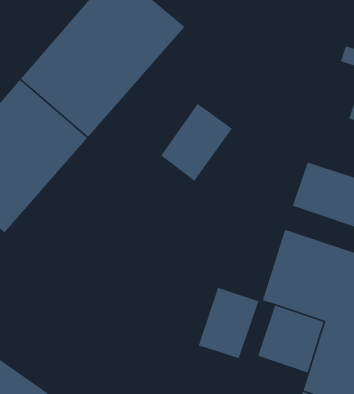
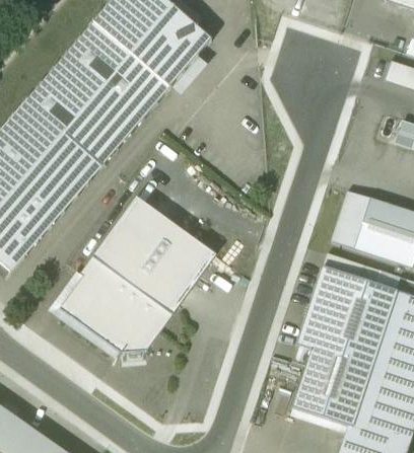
building: [160,103,233,182] -> none
building: none -> [59,196,216,353]
building: [198,287,259,359] -> none

